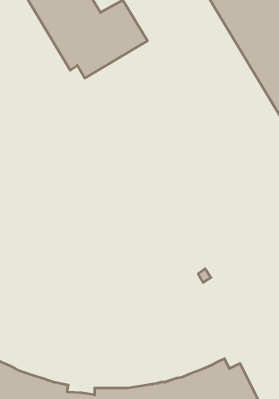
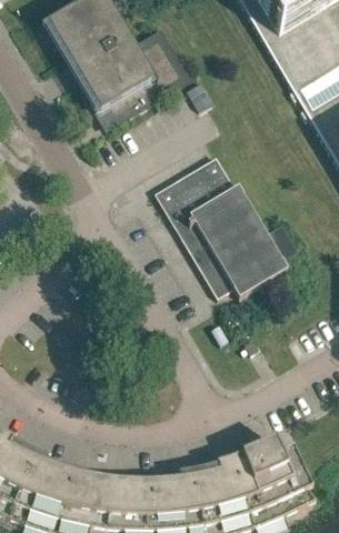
building: none -> [157,153,290,294]

